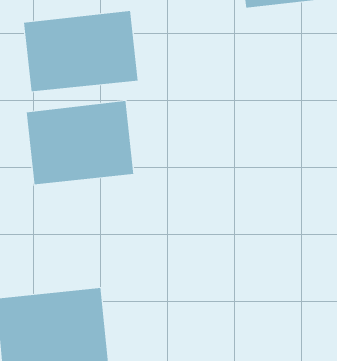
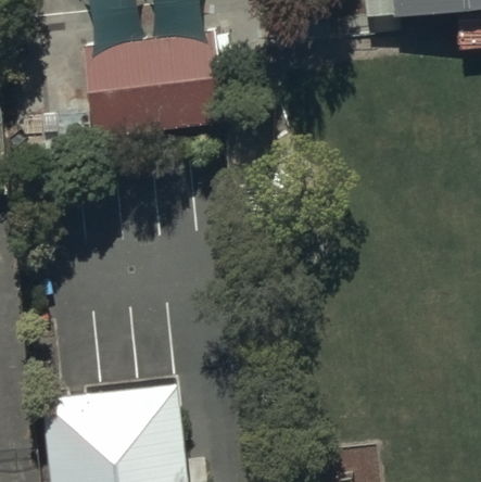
building: [26,100,134,185] -> none

